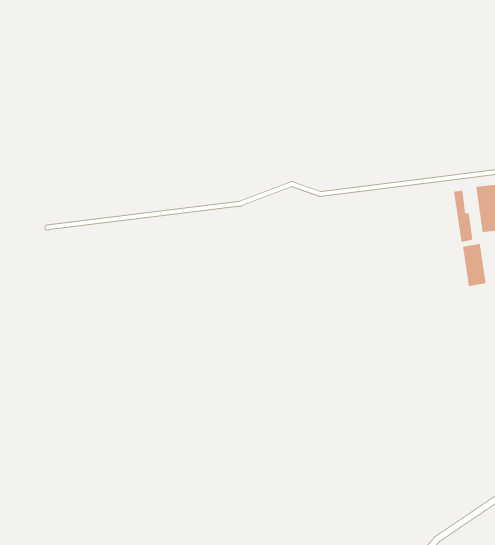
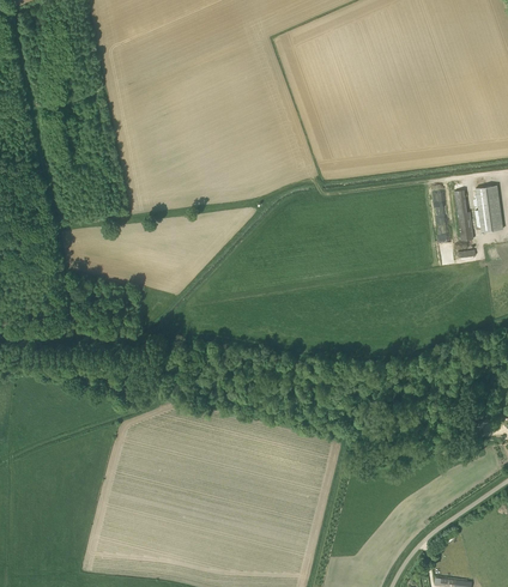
building: [463,243,486,287] -> none

